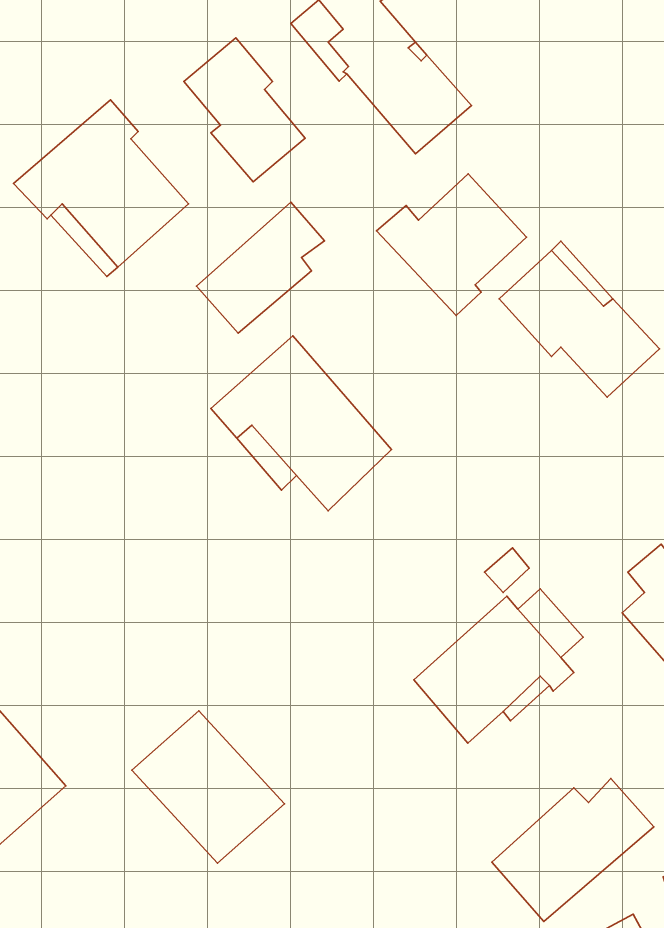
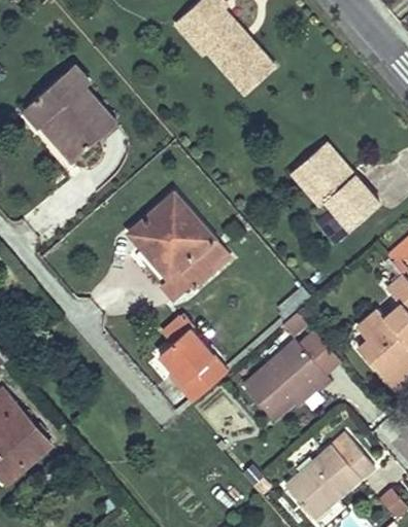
building: [184,38,305,182] -> none
building: [376,174,527,315] -> none
building: [197,202,325,333] -> none
building: [132,711,284,863] -> [145,316,230,400]

